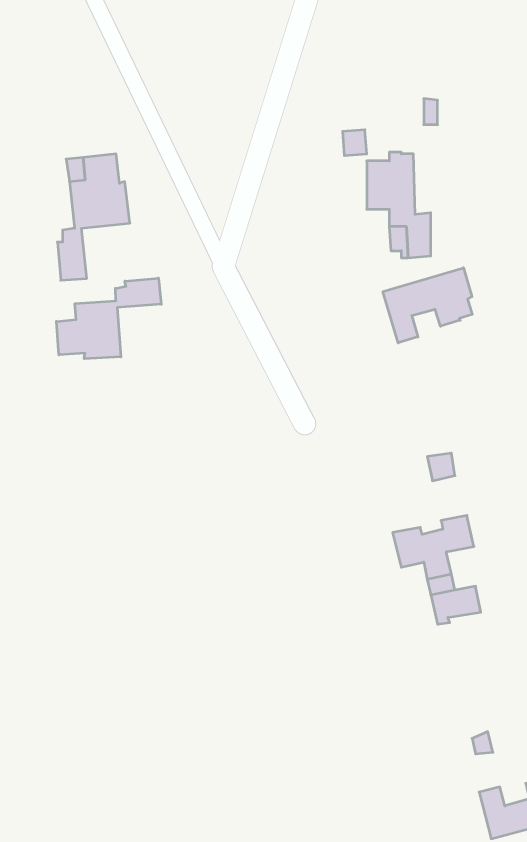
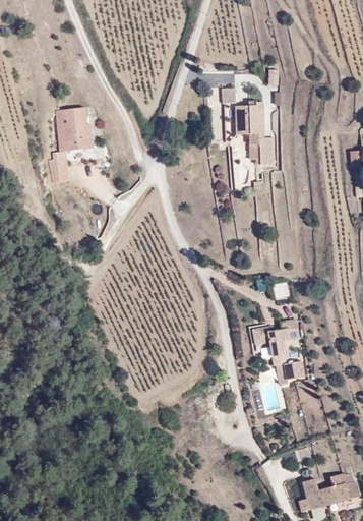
building: [383,268,472,343] -> none
building: [56,278,161,359] -> none

